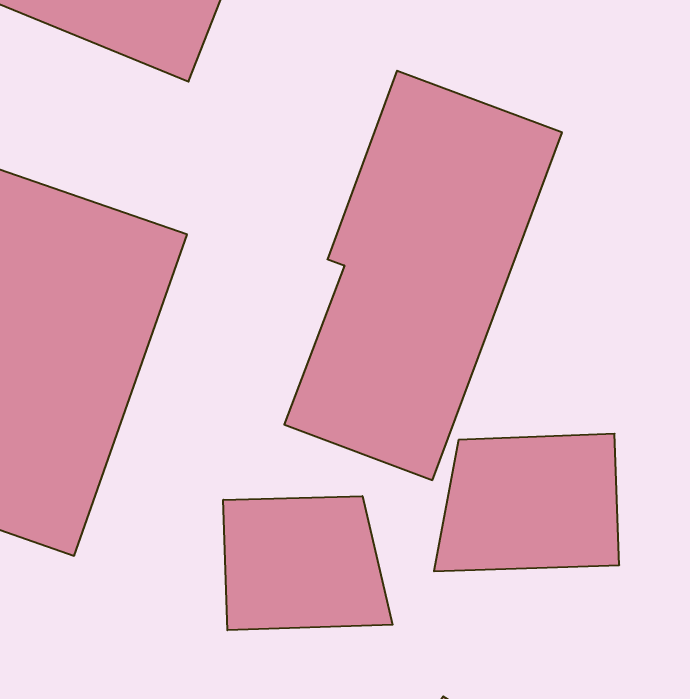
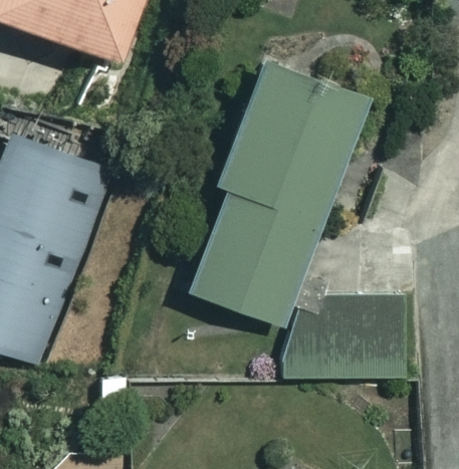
building: [223,496,393,630] -> none

